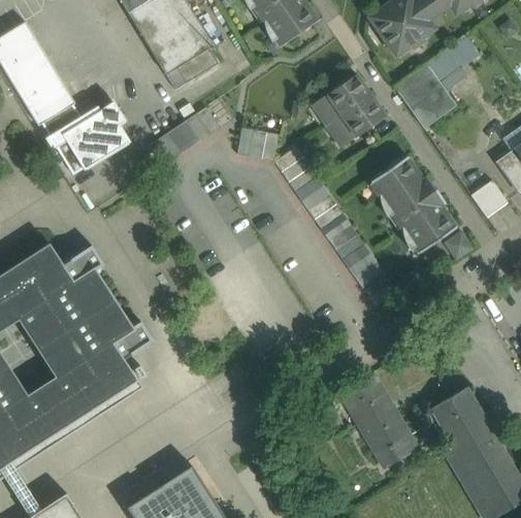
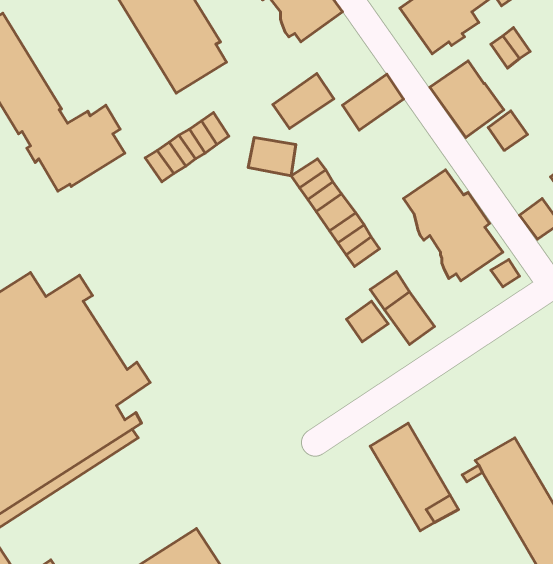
building: [426,48,460,83] -> [488,111,528,150]
building: [332,96,385,143] -> [273,74,334,129]
building: [328,225,364,260] -> [346,301,388,342]

